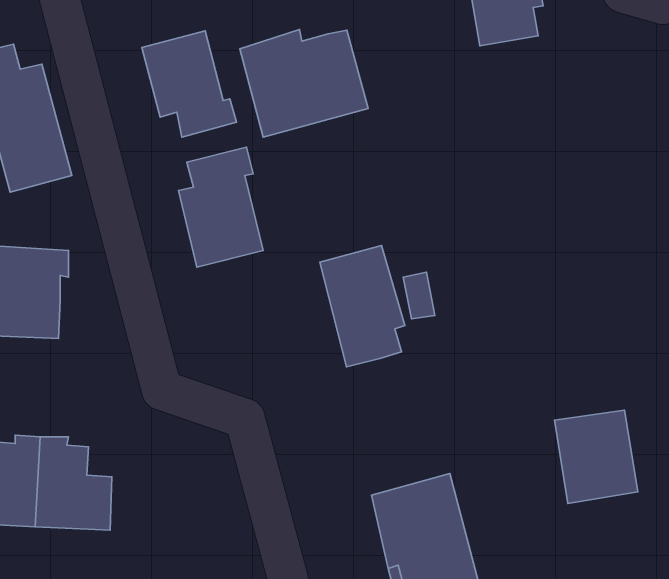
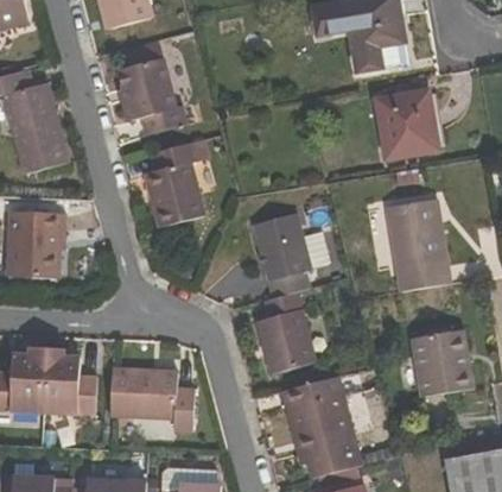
building: [240,30,368,137] -> none
building: none -> [375,89,440,159]
building: none -> [387,198,451,291]
building: none -> [249,292,309,383]
building: none -> [109,367,195,433]

